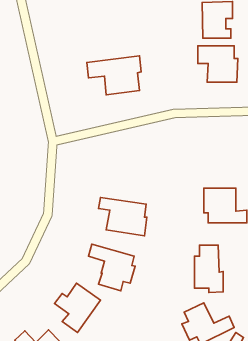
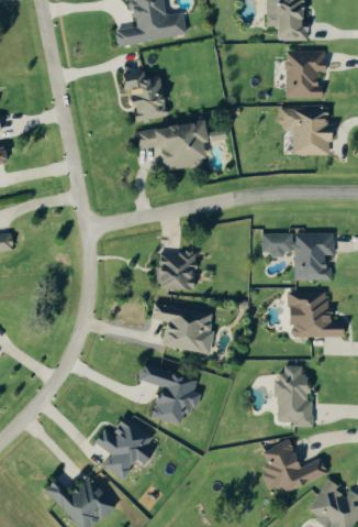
building: none -> [122,67,167,121]
building: none -> [264,232,334,279]
building: none -> [157,252,197,288]

